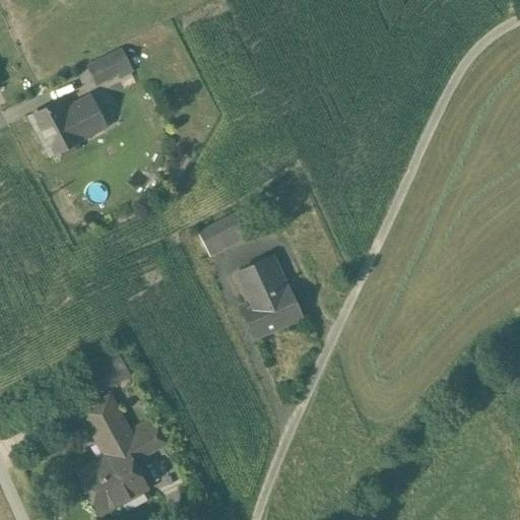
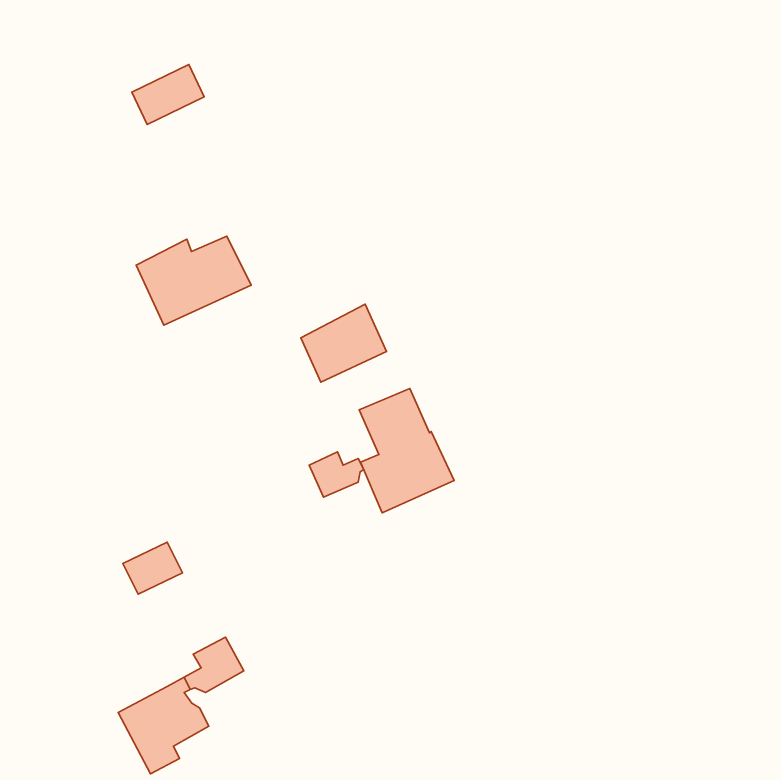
building: [32,93,109,152] -> [136,236,251,325]
building: none -> [309,452,364,497]
building: [82,399,135,457] -> none

